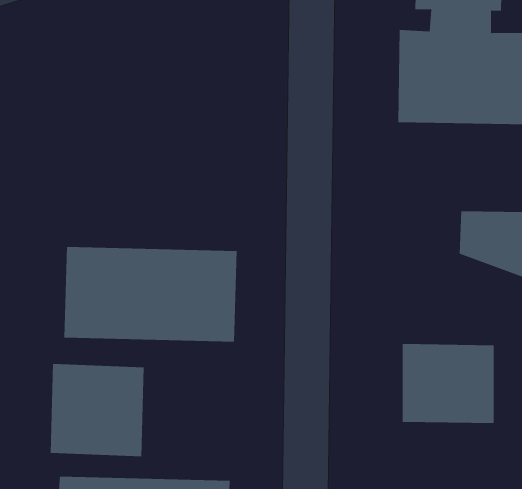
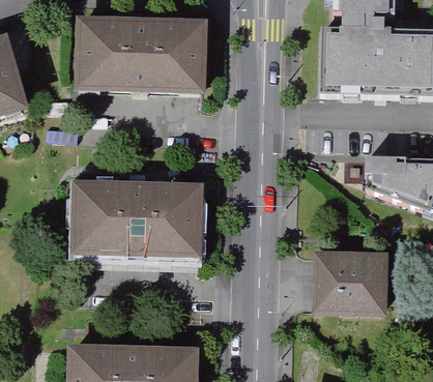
building: none -> [81,16,208,86]
building: [50,363,144,457] -> none

